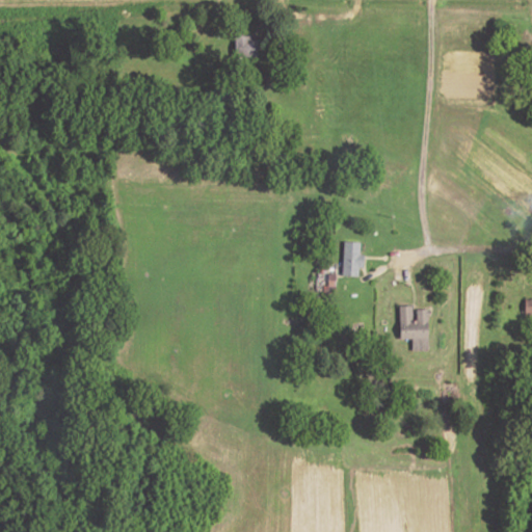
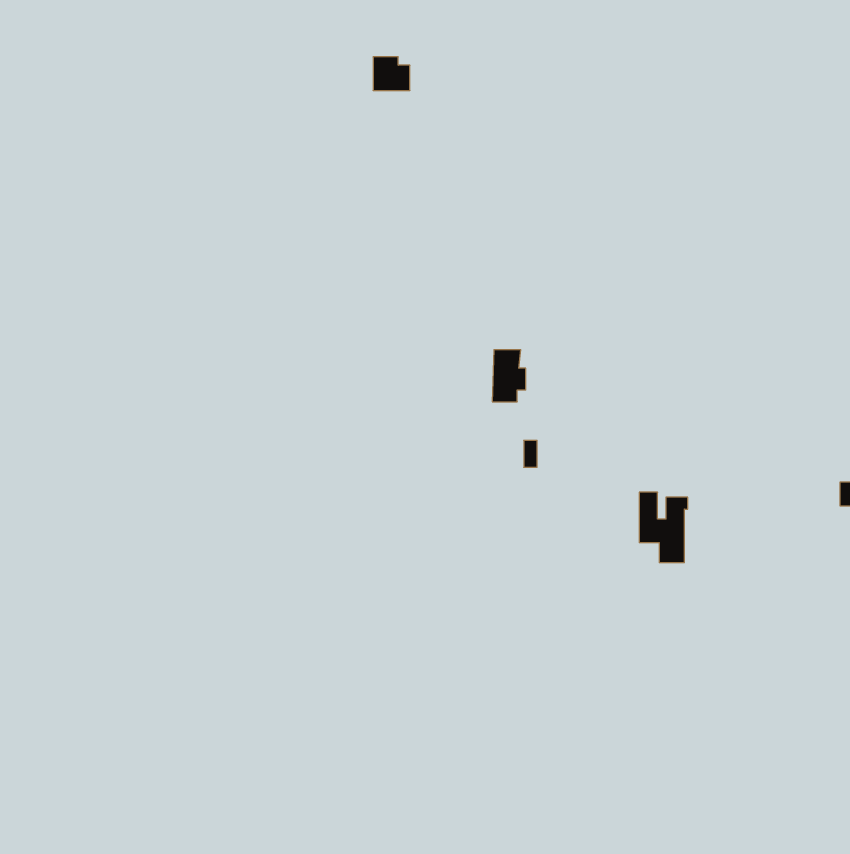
building: [343,242,364,274] -> [492,350,526,402]

